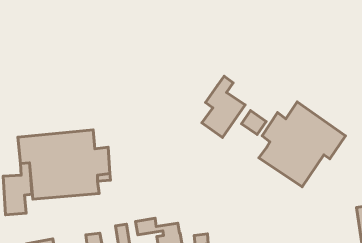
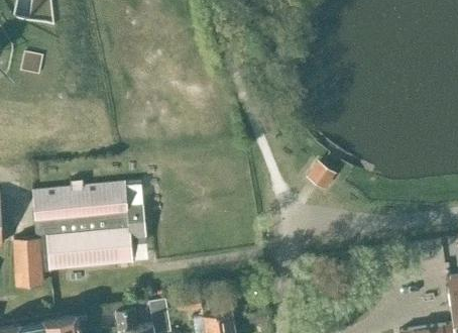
building: [202,76,245,138] -> none
building: [259,102,346,187] -> none

